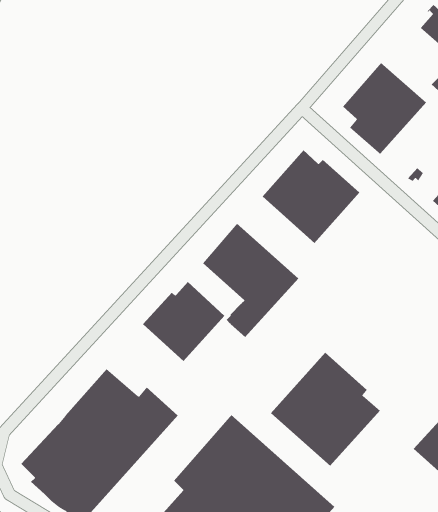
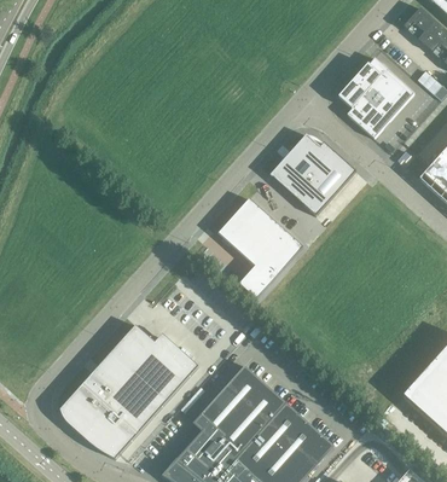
building: [142,281,225,362] -> none
building: [270,352,381,466] -> none

